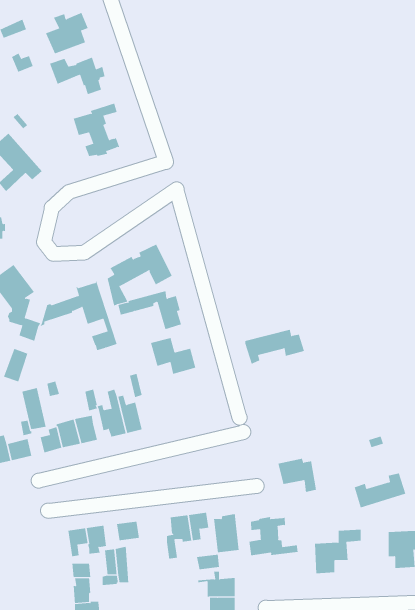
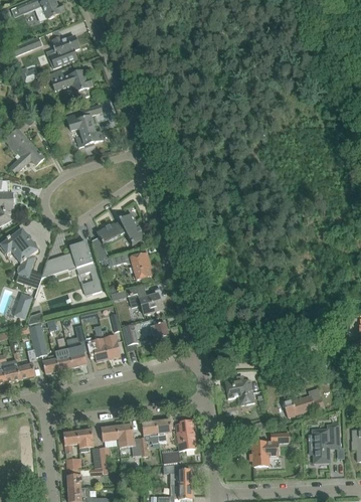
building: [245,329,305,364] -> [123,318,169,345]
building: [249,516,298,556] -> none
building: none -> [117,424,141,455]

